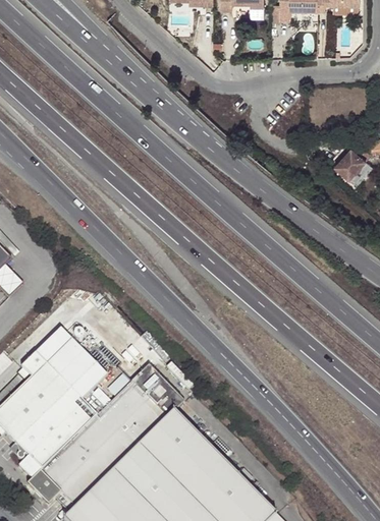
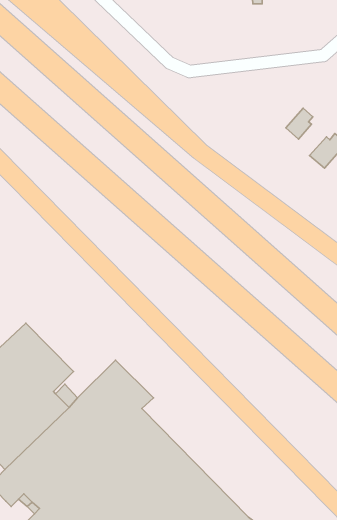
building: none -> [286,108,313,139]

